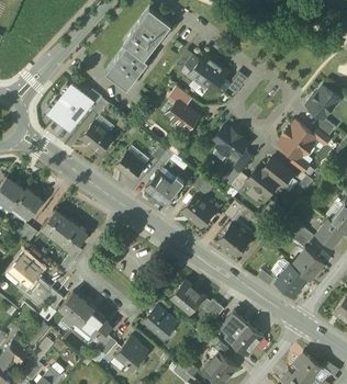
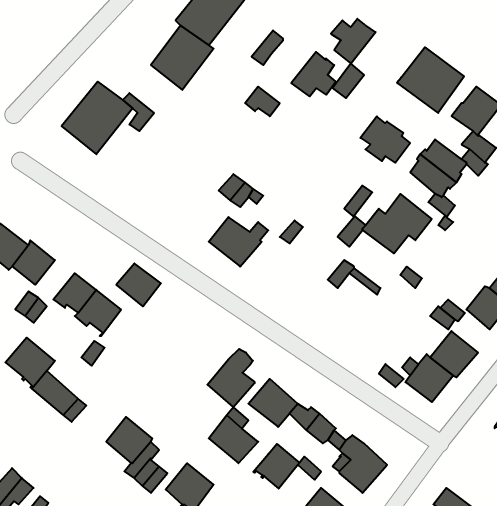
building: [187,54,216,83] -> [331,19,376,63]
building: none -> [397,47,464,113]
building: [167,100,199,129] -> none
building: [81,121,114,154] -> none
building: [214,125,247,156] -> [360,116,410,163]
building: [115,151,145,180] -> [116,263,161,306]
building: [181,194,217,227] -> none
building: [217,224,250,257] -> none
building: none -> [207,349,255,407]
building: [60,292,90,321] -> none
building: none -> [253,444,299,489]

